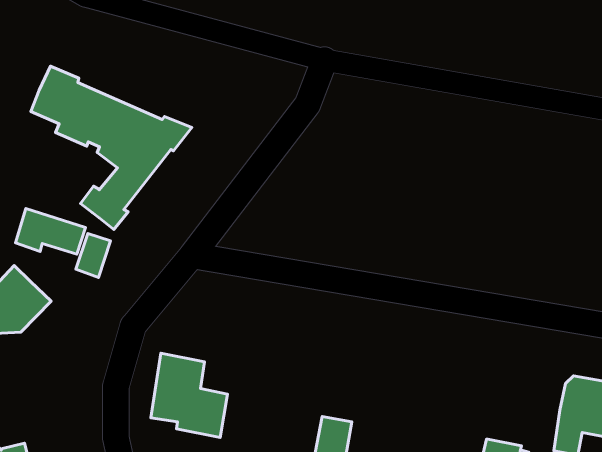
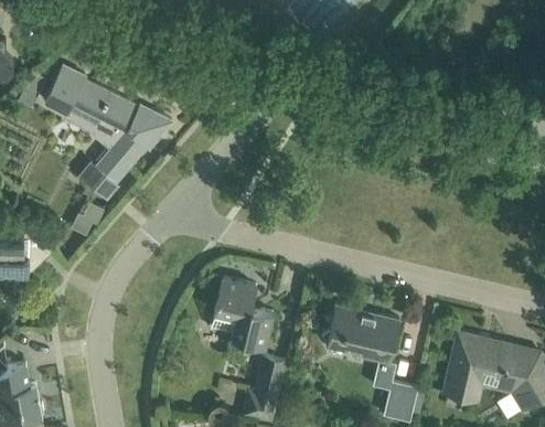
building: [16,208,85,254] -> none
building: none -> [322,306,399,364]
building: [151,353,227,438] -> [211,278,272,348]

